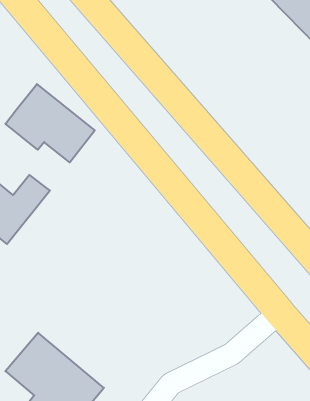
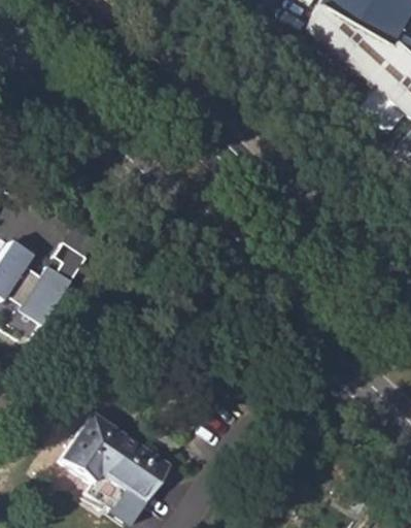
building: [5,84,95,162] -> none

